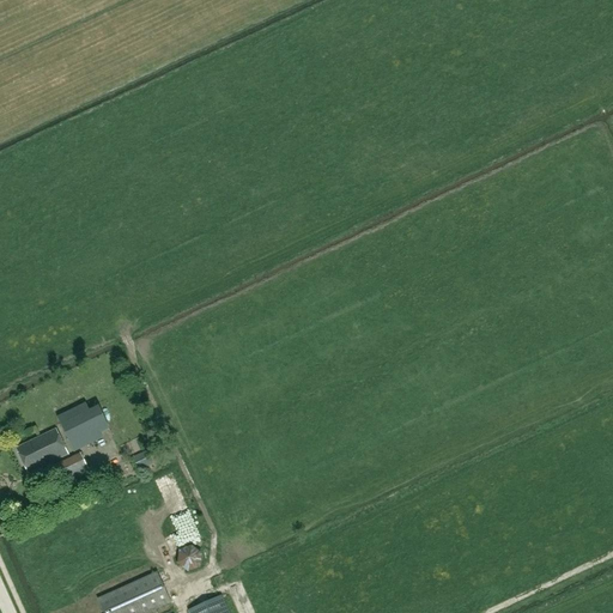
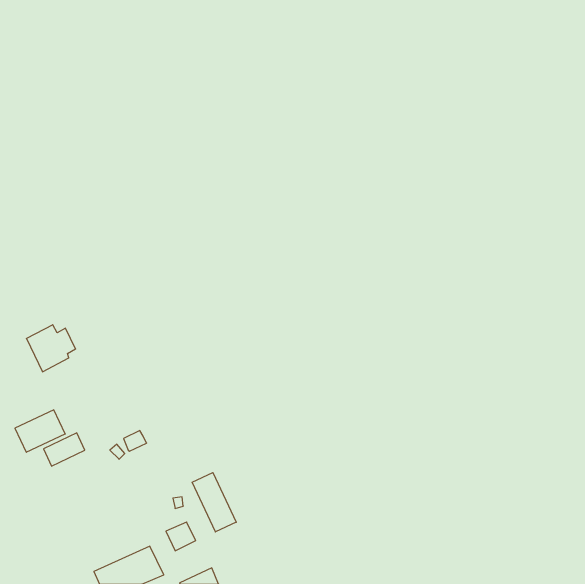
building: [57,402,109,451] -> [26,325,76,372]
building: none -> [192,473,236,532]

